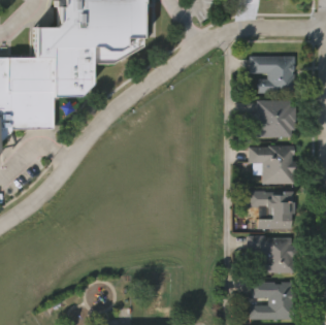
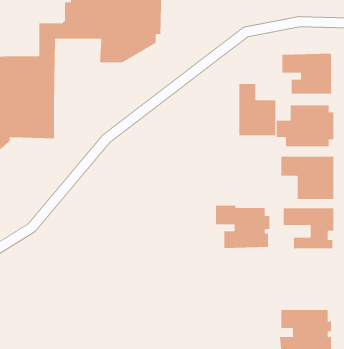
building: [52,42,92,98] -> none
building: none -> [239,83,276,136]
building: [251,235,299,273] -> [215,205,270,248]

